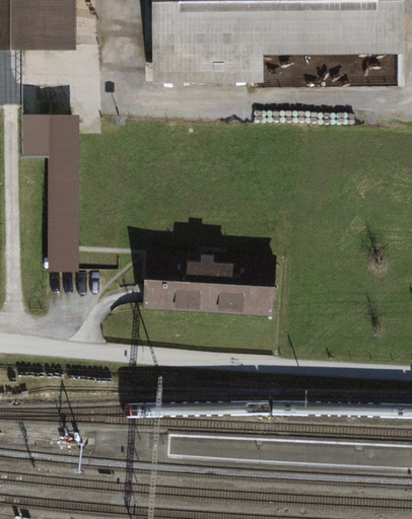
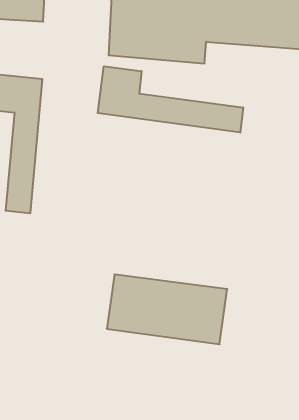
building: none -> [98,66,243,133]
building: [139,245,276,317] -> [107,274,227,344]

